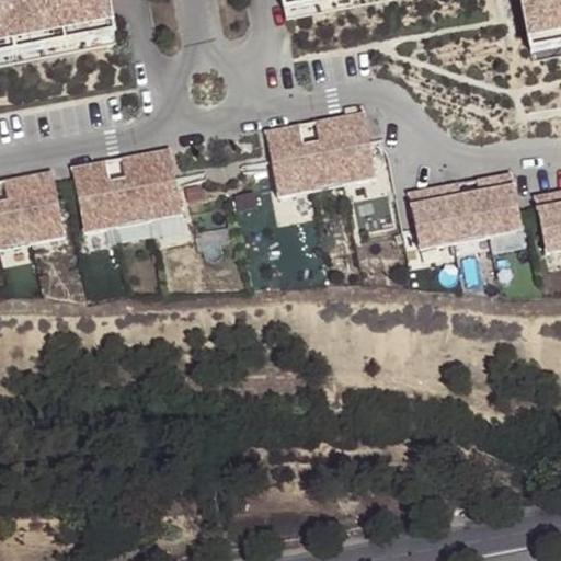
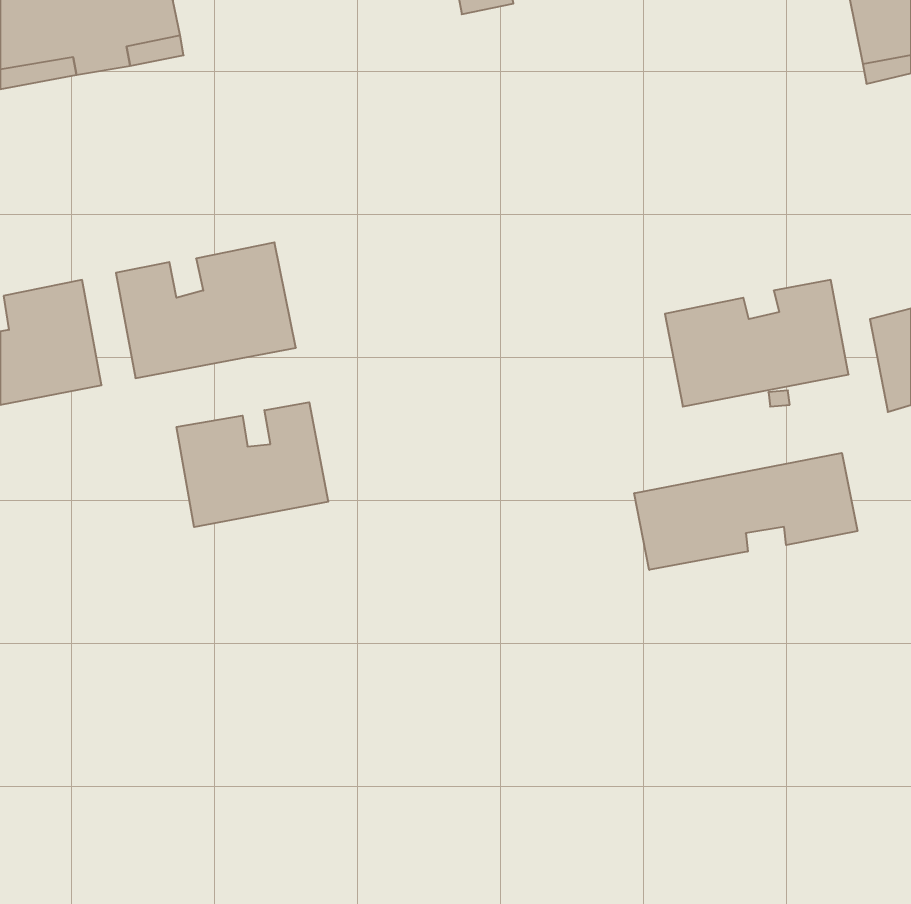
building: [264,112,375,195] -> none
building: none -> [177,402,328,527]
building: none -> [634,453,857,570]

